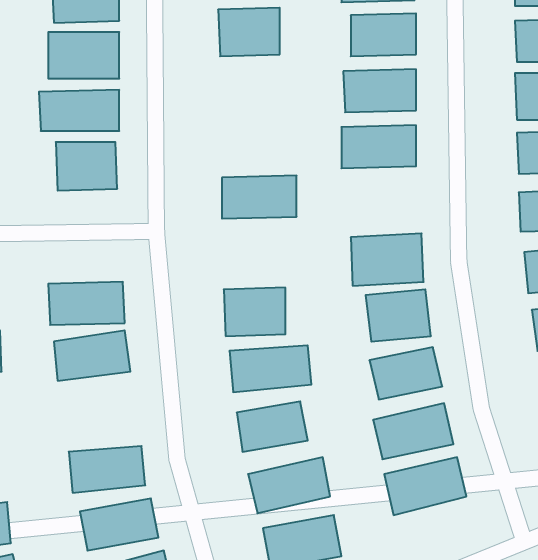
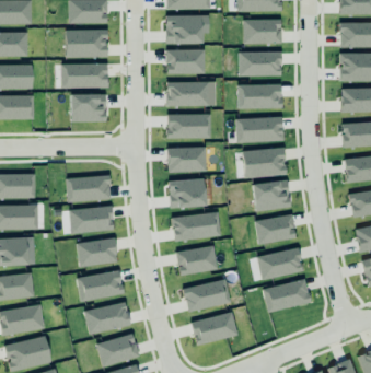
building: none -> [166,49,205,74]
building: none -> [166,82,216,106]
building: none -> [235,117,283,143]
building: none -> [165,144,206,171]
building: none -> [78,240,117,266]

